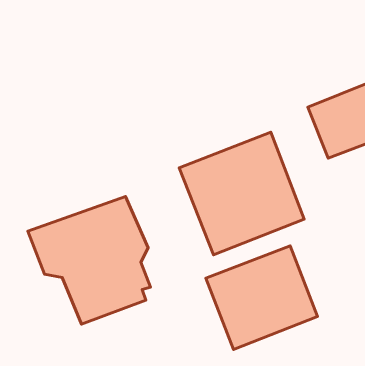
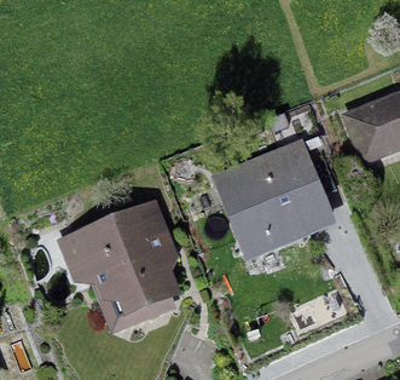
building: [206,246,317,350] -> none

